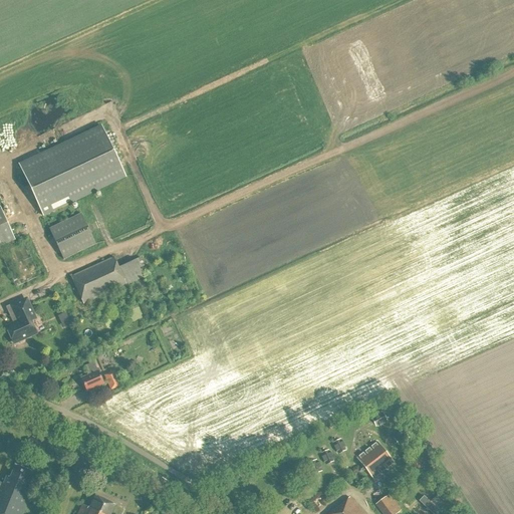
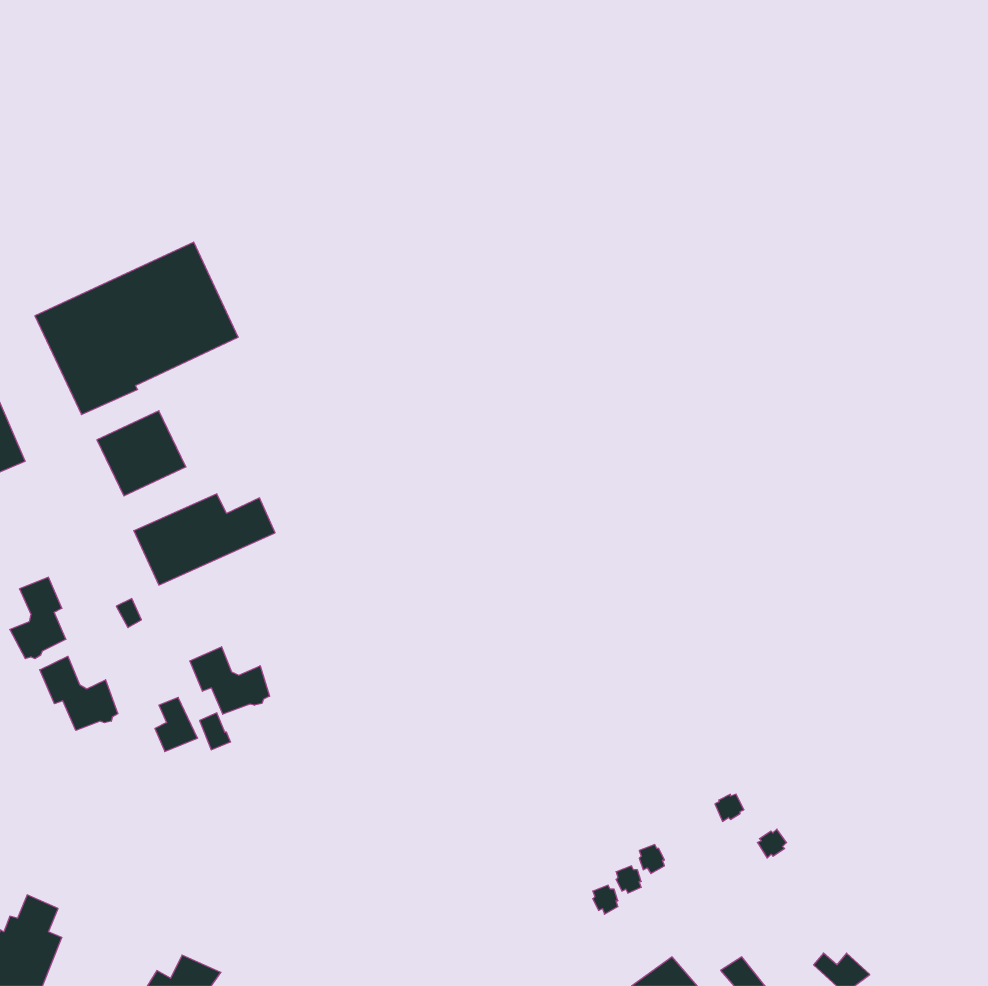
building: none -> [190,647,270,714]
building: none -> [40,656,118,730]
building: [355,441,393,478] -> none

